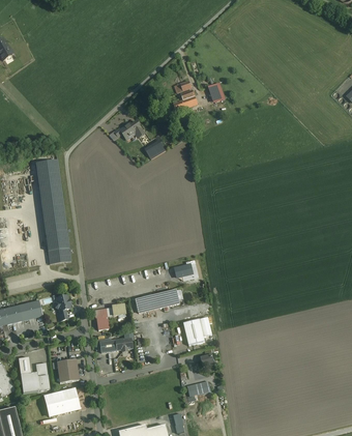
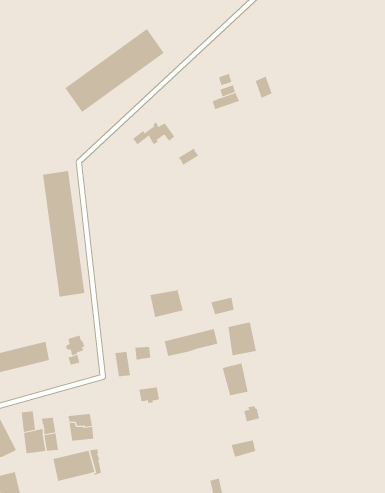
building: none -> [64,28,165,113]
building: none -> [150,289,183,318]
building: none -> [228,321,257,356]

